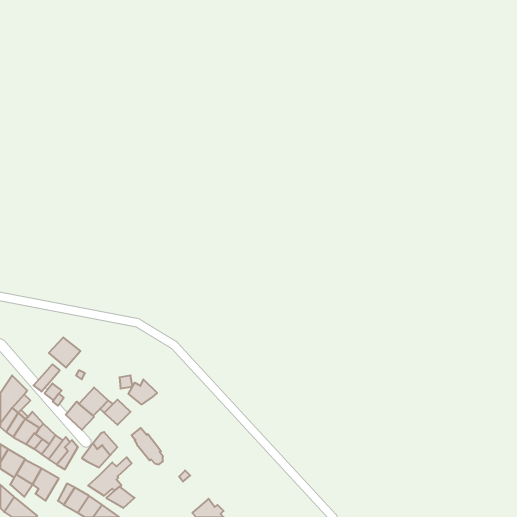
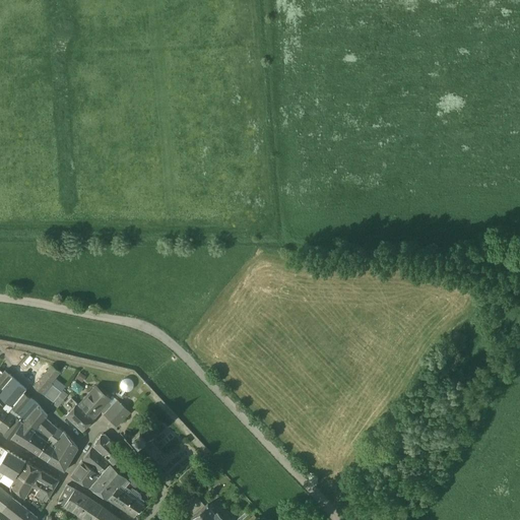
building: [49,337,80,368] -> none
building: [128,379,157,404] -> none
building: none -> [71,460,100,488]

